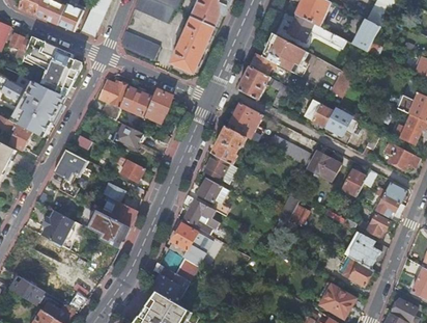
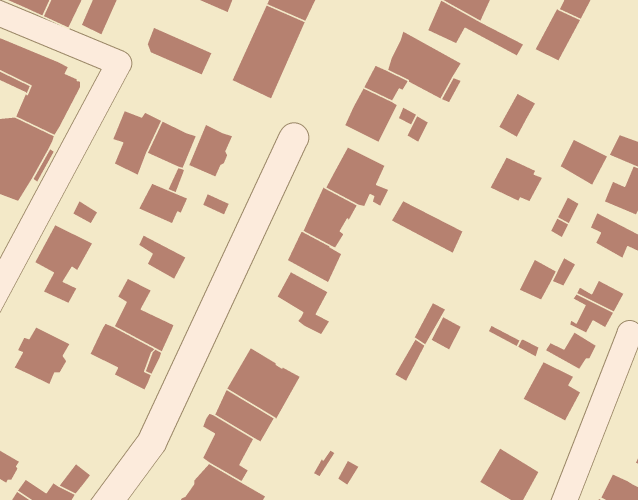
building: [305,99,334,127] -> [560,139,608,186]
building: [307,150,340,180] -> none
building: [182,194,219,234] -> none
building: [337,254,373,286] -> none

